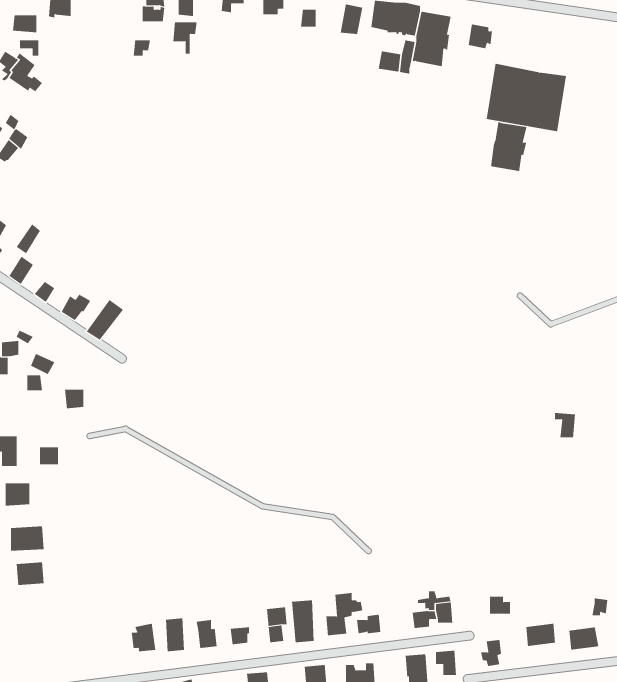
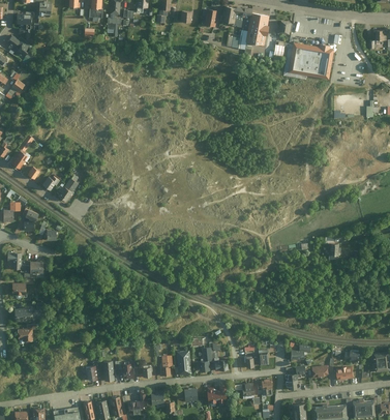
building: [490,121,527,172] -> none

